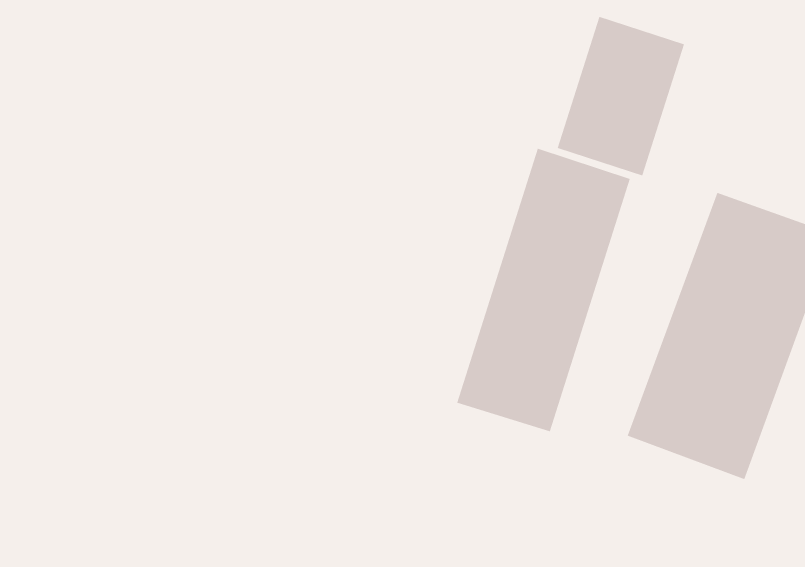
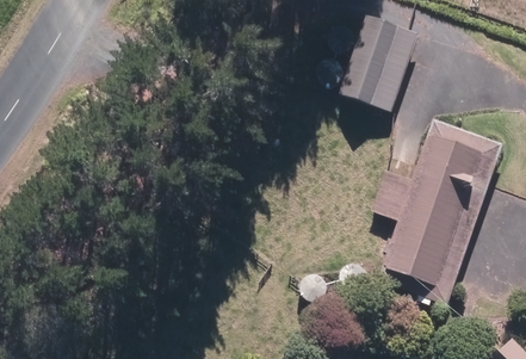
building: [456,148,630,432] -> none

